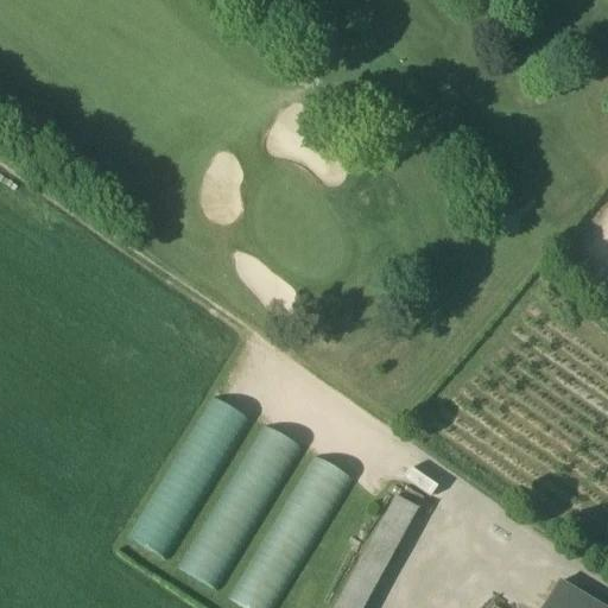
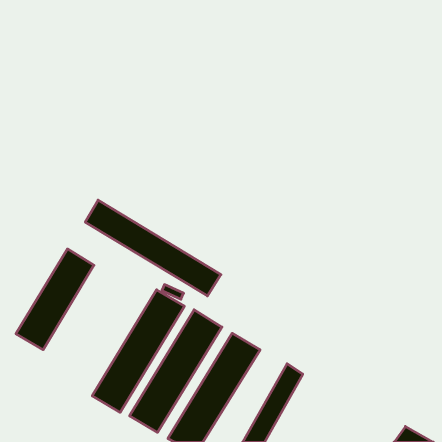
building: none -> [85,200,221,296]
building: none -> [16,249,94,350]

